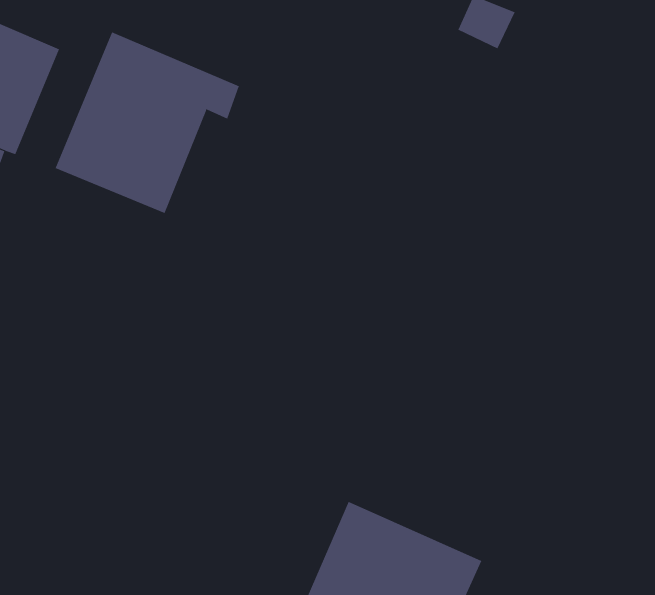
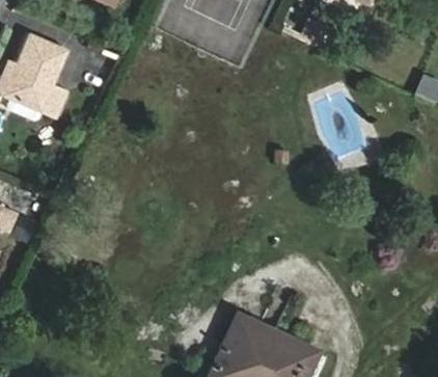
building: [55,31,240,214] -> none

